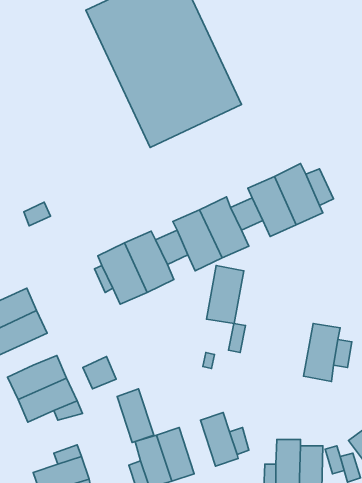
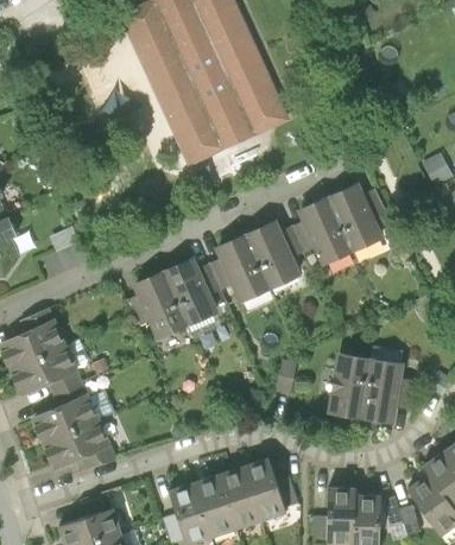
building: [206,266,244,324] -> [328,355,369,419]
building: [83,357,116,389] -> [49,372,86,407]
building: [117,389,154,443] -> [221,468,261,527]

